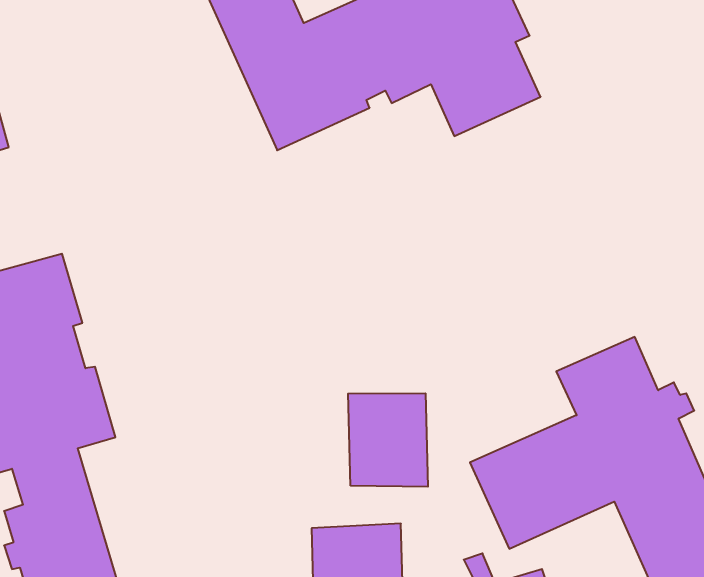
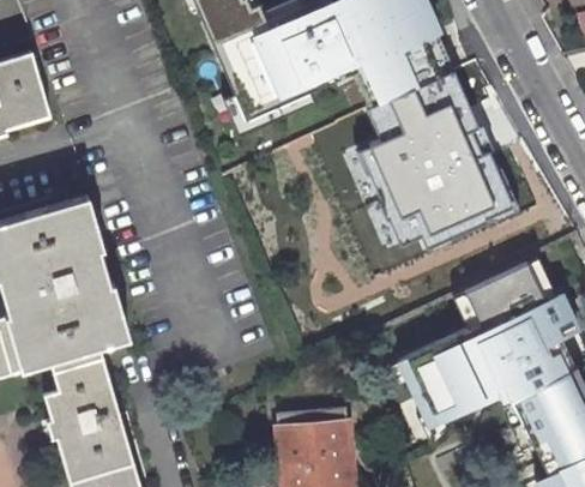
building: none -> [361,76,523,254]
building: [348,393,428,487] -> none

